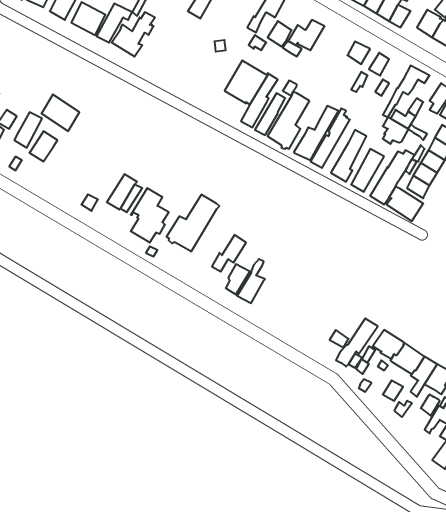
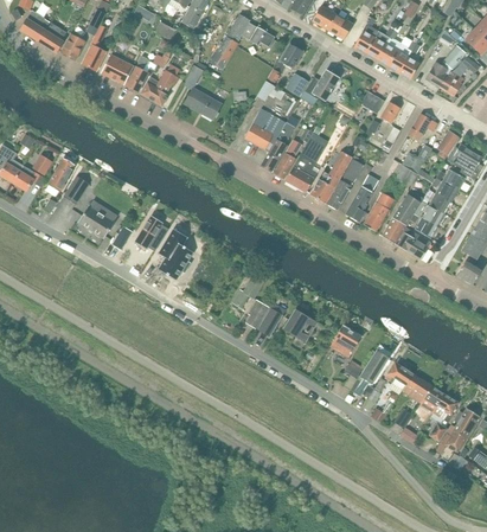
building: none -> [184,65,222,120]
building: [41,94,79,131] -> [78,205,114,239]
building: [167,194,219,252] -> none
building: none -> [283,308,318,341]
building: none -> [331,325,361,357]

